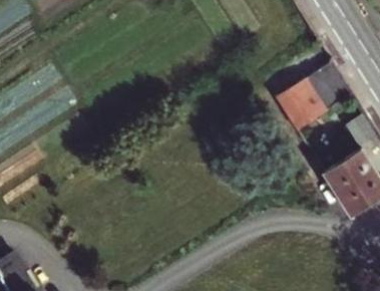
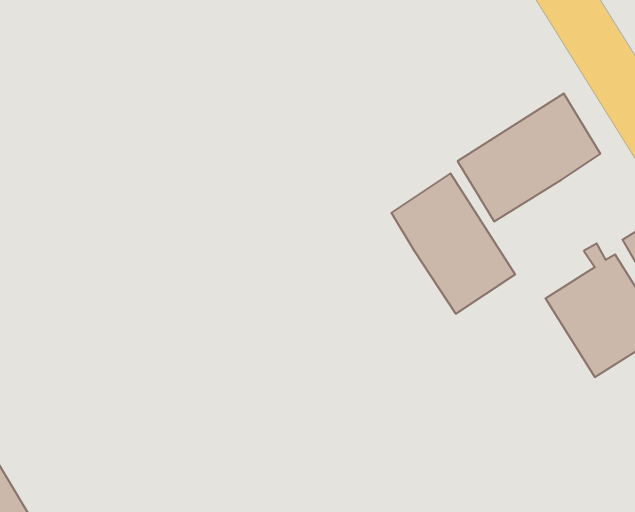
building: none -> [391,173,515,314]

